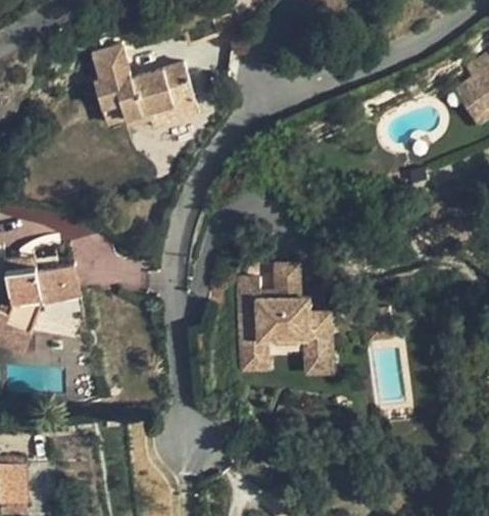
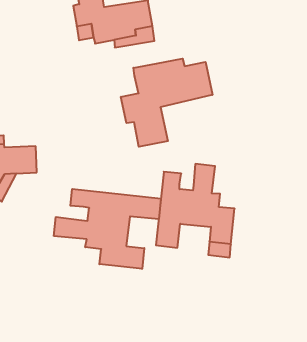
building: none -> [121,59,212,147]
building: none -> [54,189,161,269]

